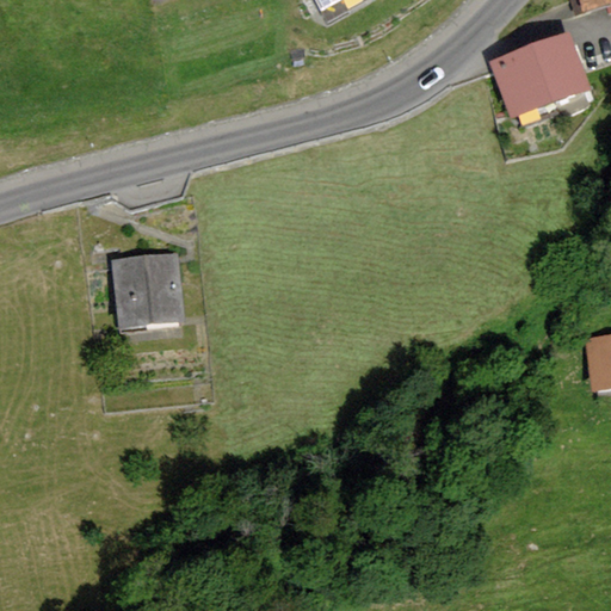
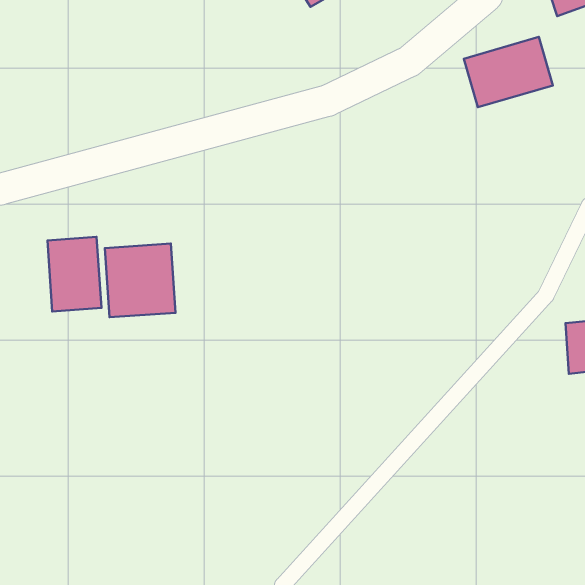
building: none -> [47,237,101,311]

